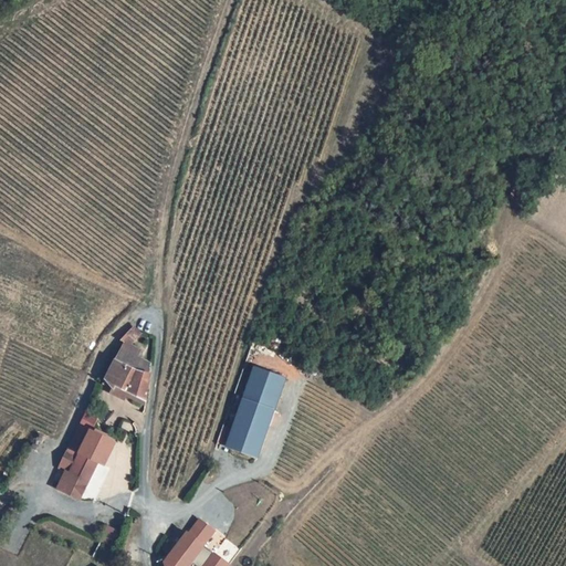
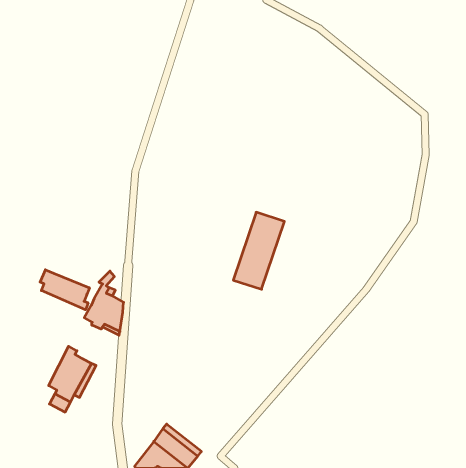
building: none -> [40,270,89,310]
building: [221,365,283,458] -> [233,212,284,289]

